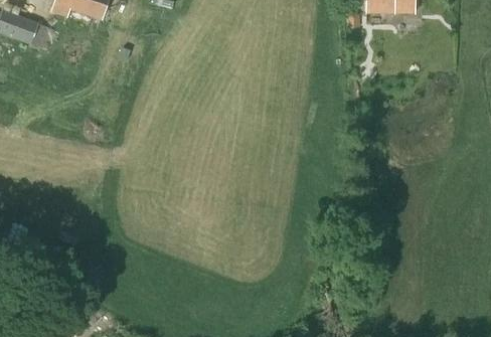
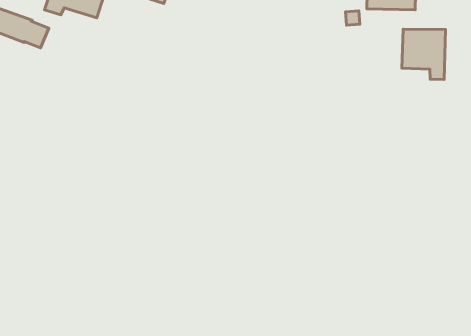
building: none -> [402,29,445,80]

